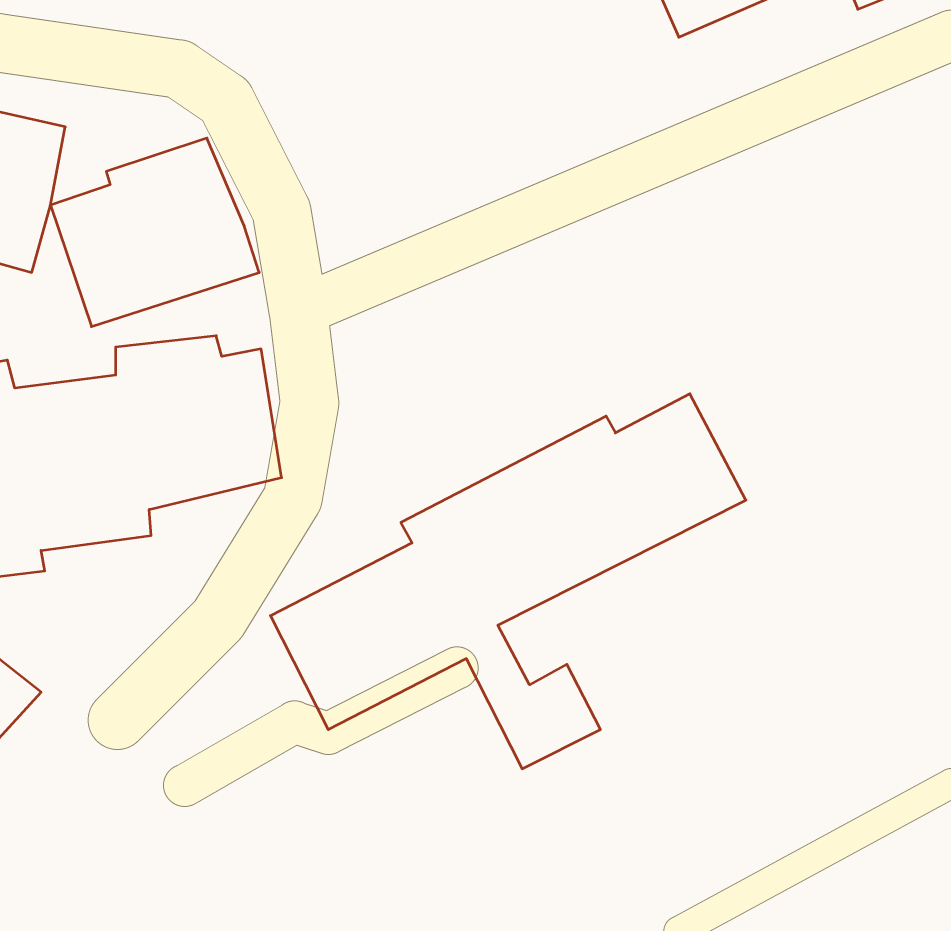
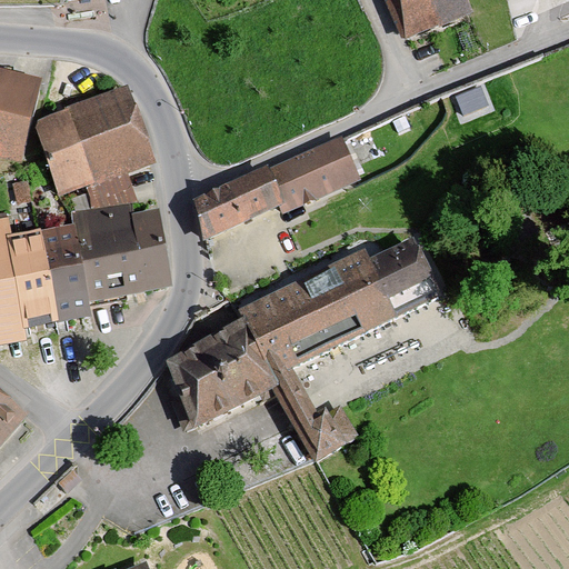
building: none -> [189,133,359,238]

